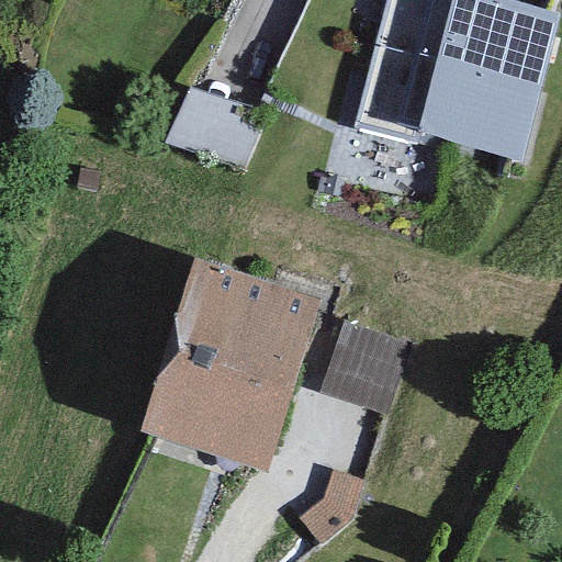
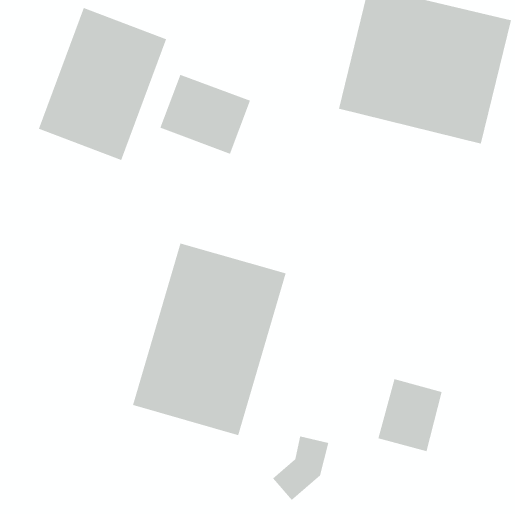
building: none -> [38,7,167,161]
building: [326,324,396,403] -> [377,379,442,452]

